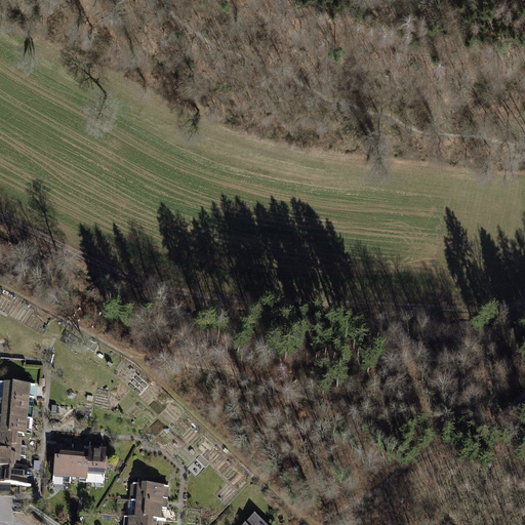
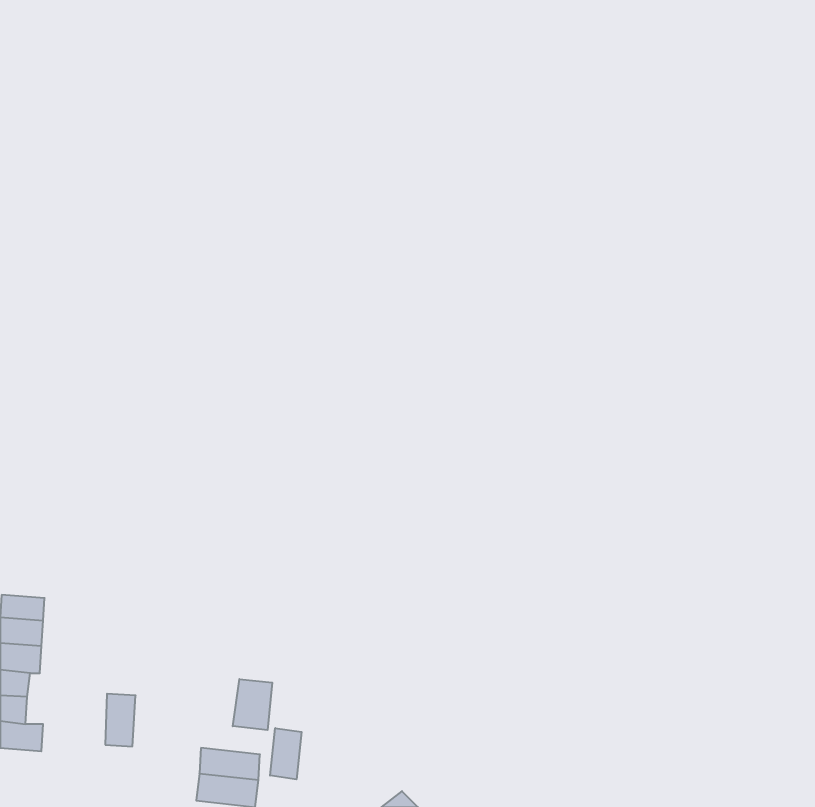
building: none -> [233,679,272,730]
building: [52,445,69,479] -> none
building: [85,447,106,481] -> none
building: none -> [270,728,302,779]

